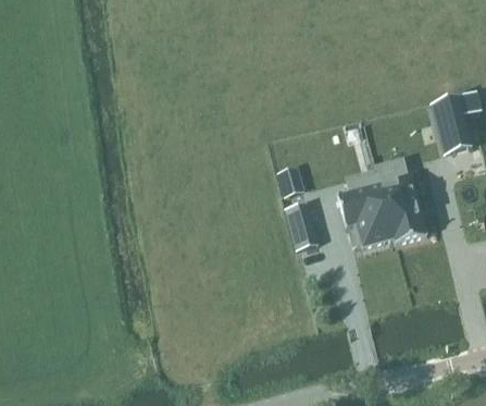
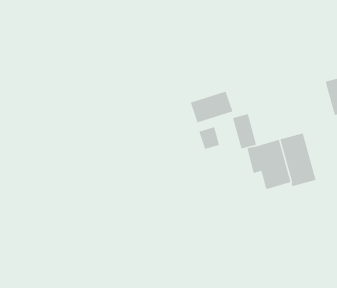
building: none -> [190,91,233,123]
building: [284,202,315,248] -> [232,114,257,149]

